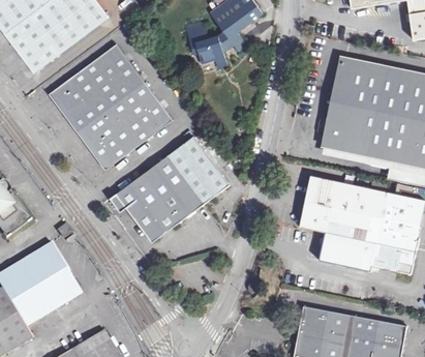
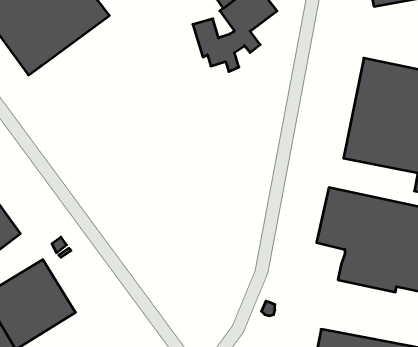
building: [50,44,172,170] -> none
building: [111,138,229,242] -> none

